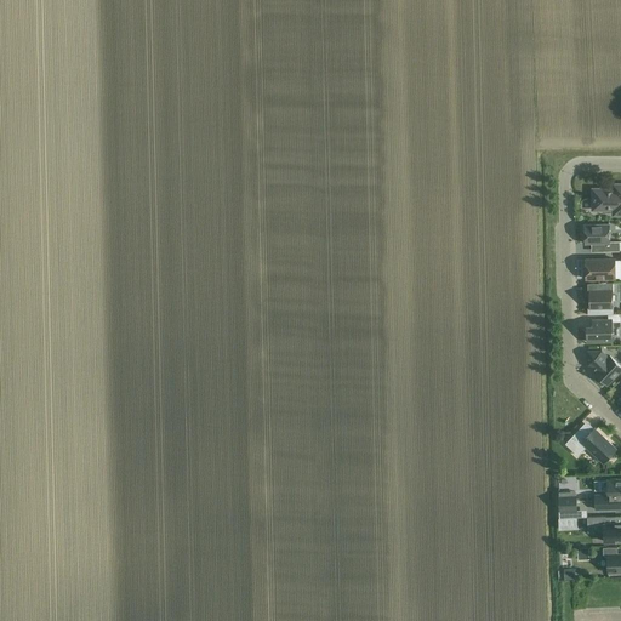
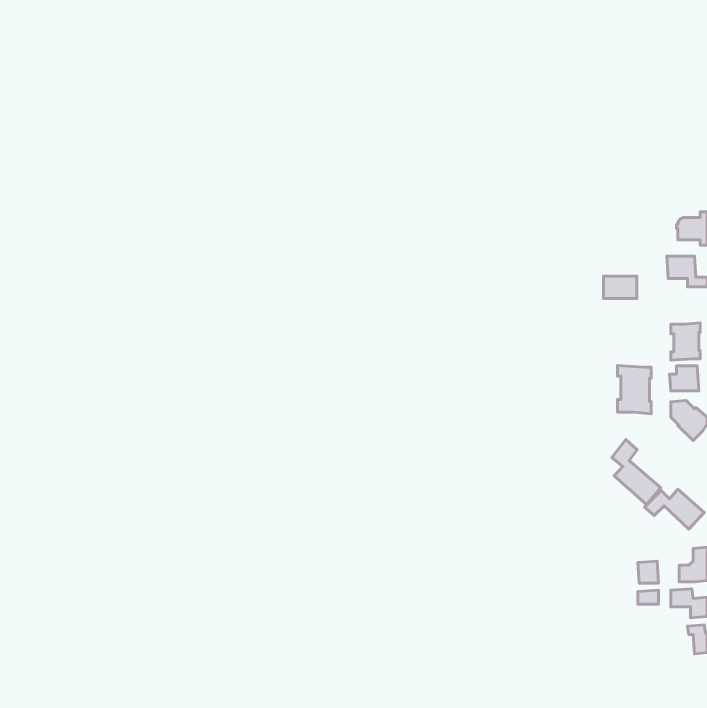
building: [585,260,614,279] -> [604,276,637,298]
building: none -> [618,366,651,414]
building: none -> [612,439,661,505]

